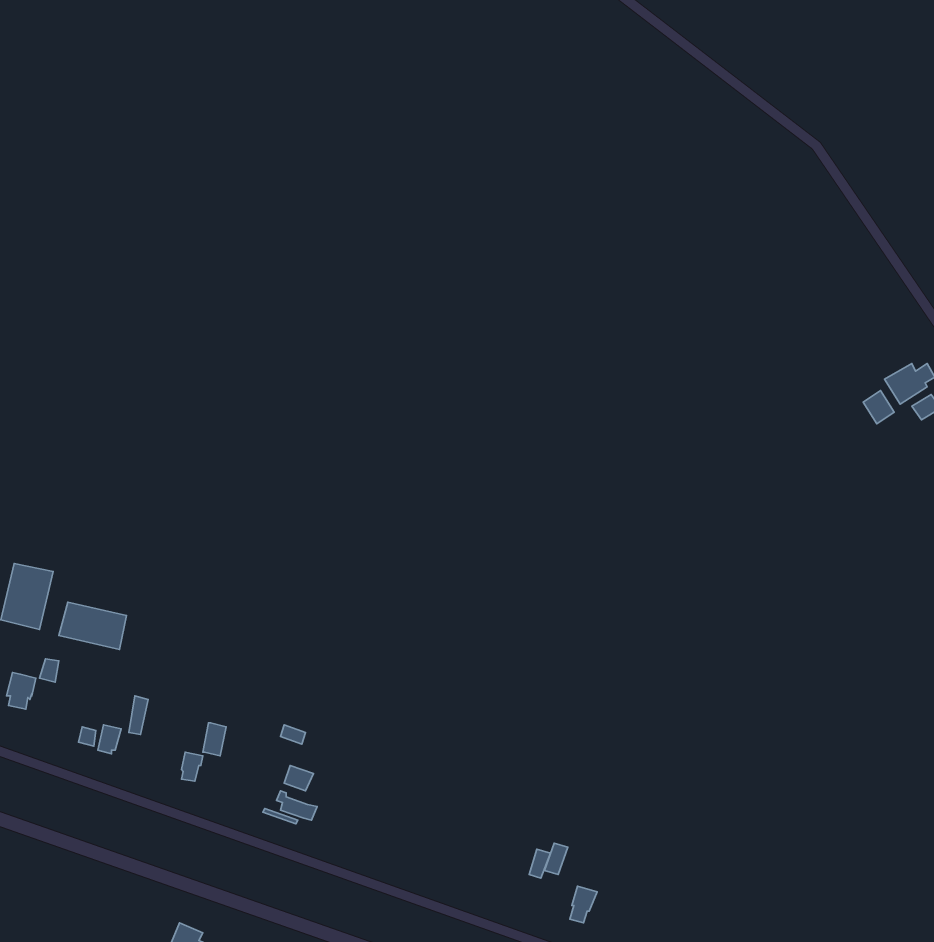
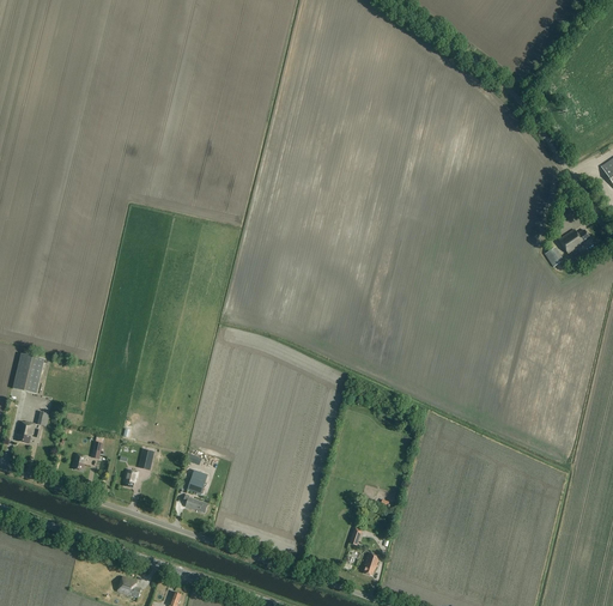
building: [59,602,127,650] -> none

